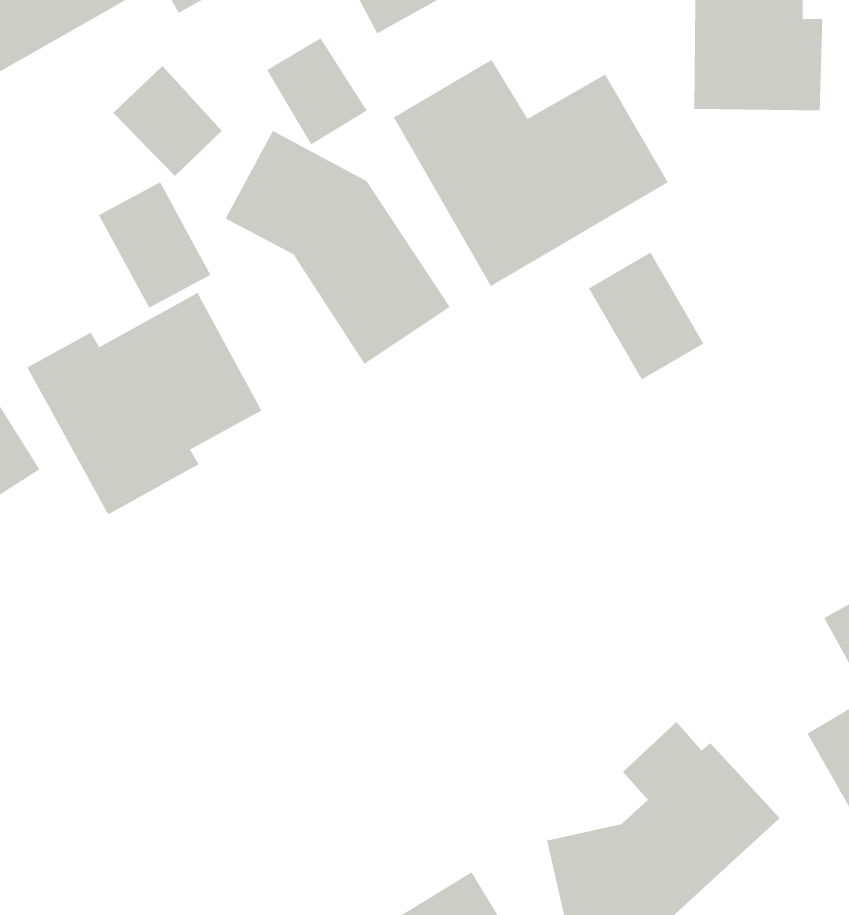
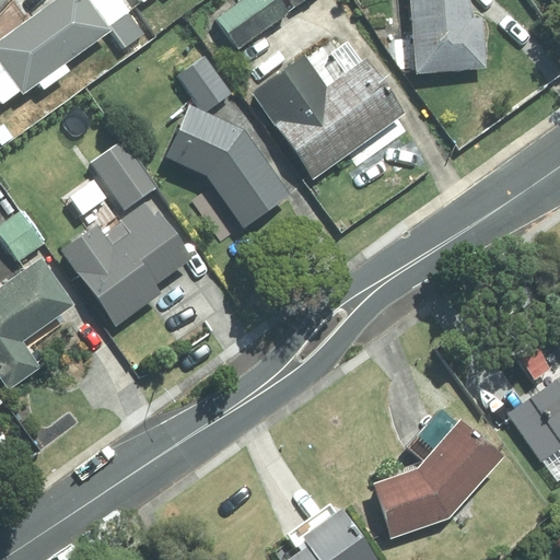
building: [112,65,222,177] -> none
building: [588,252,705,380] -> none

